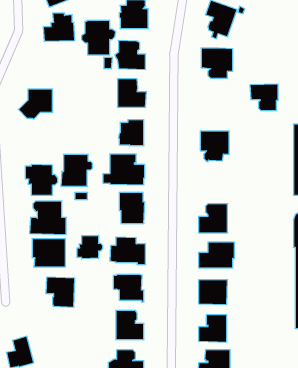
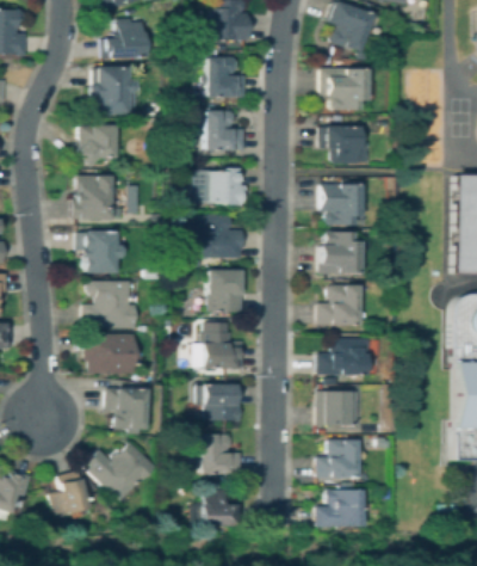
building: [82,21,116,55] -> [89,67,137,115]
building: [250,84,278,111] -> [321,127,360,164]
building: [61,155,92,186] -> [74,176,118,220]
building: none -> [321,230,361,275]
building: [77,235,102,259] -> none
building: none -> [85,442,155,502]

